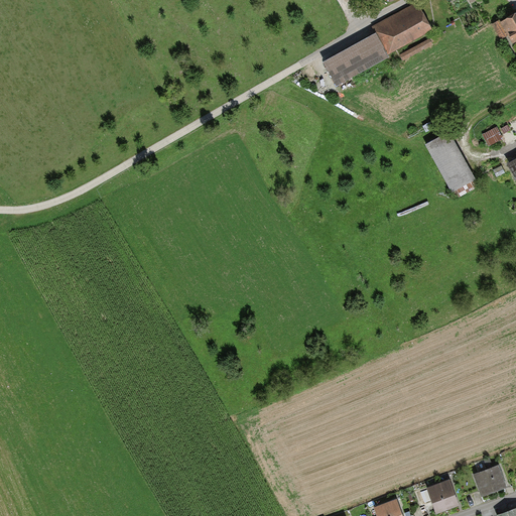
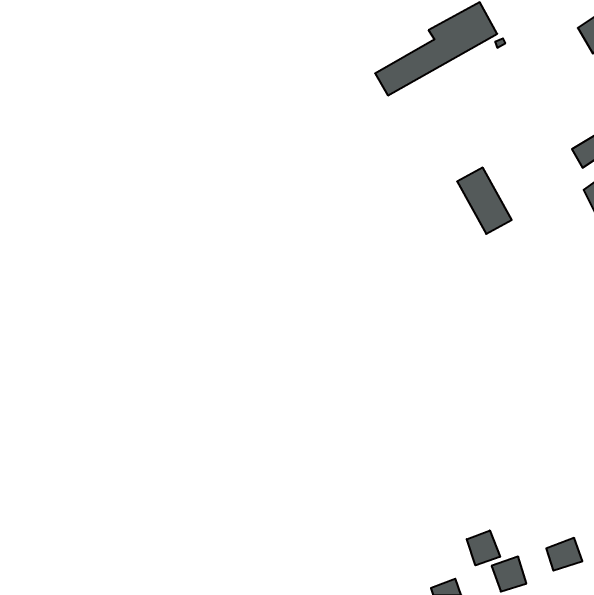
building: [427,134,475,191] -> [457,168,512,234]
building: none -> [467,530,500,565]

